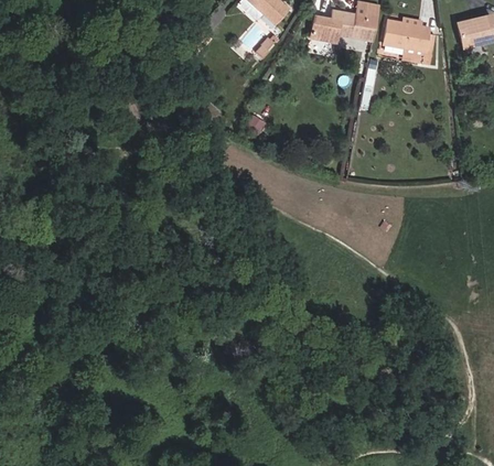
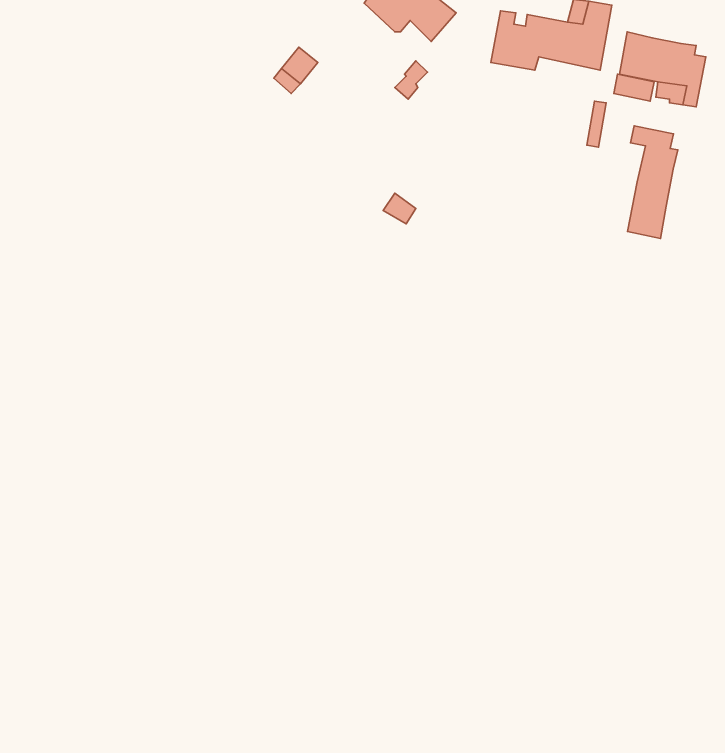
building: none -> [628,126,678,238]

